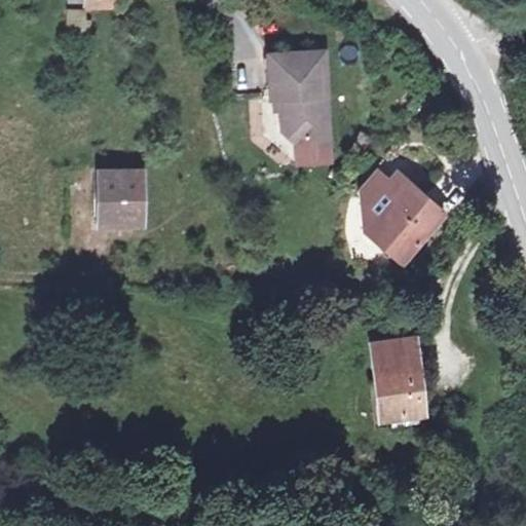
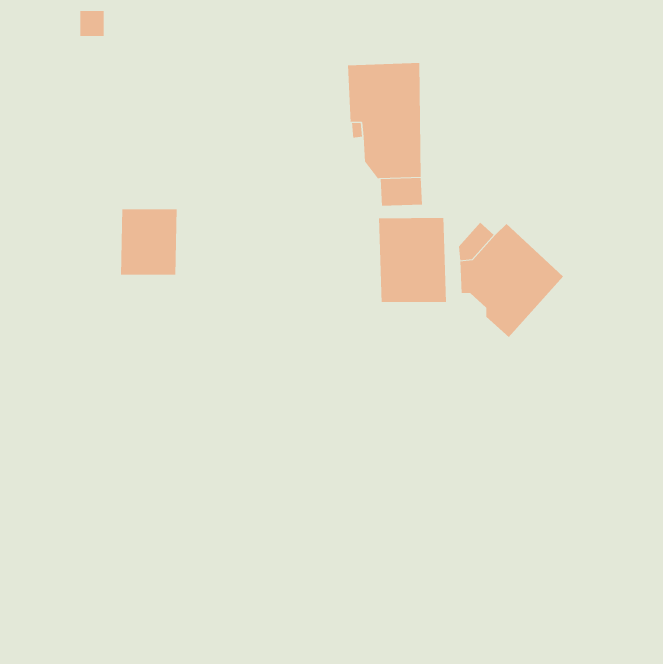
building: none -> [378,217,446,303]
building: [372,343,420,417] -> none

